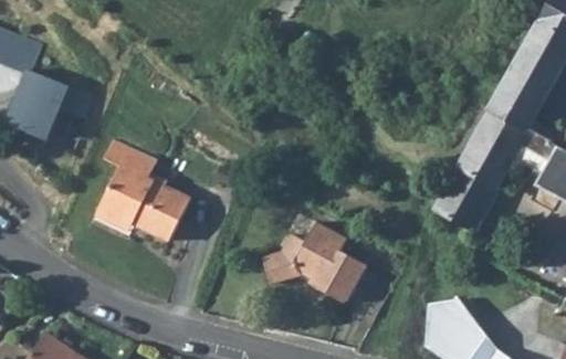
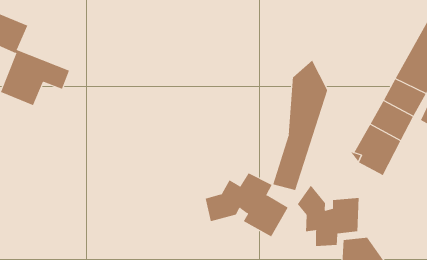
building: none -> [272,59,328,191]
building: [97,145,188,235] -> none
building: none -> [297,185,359,247]

